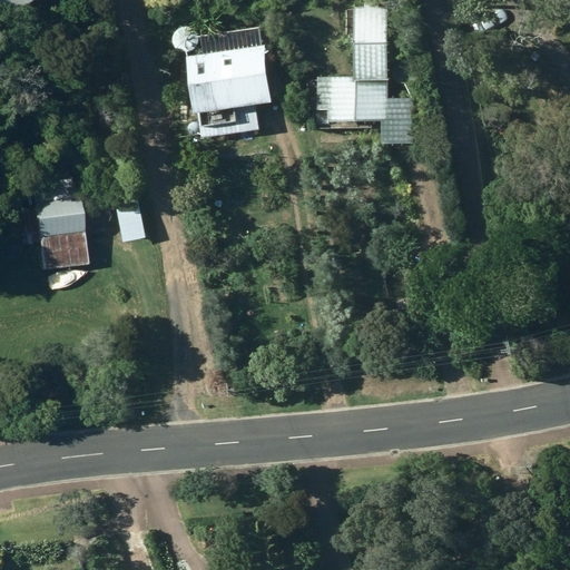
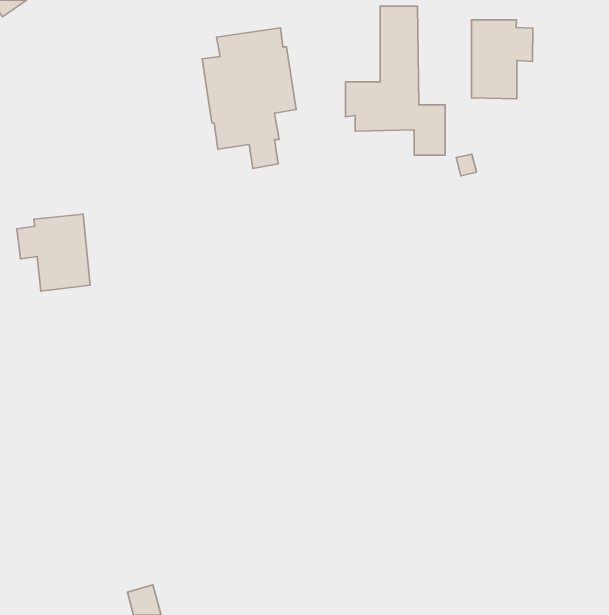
building: none -> [471,20,533,99]

